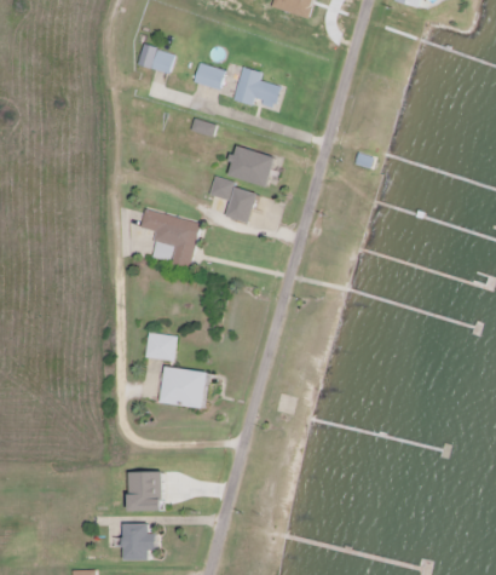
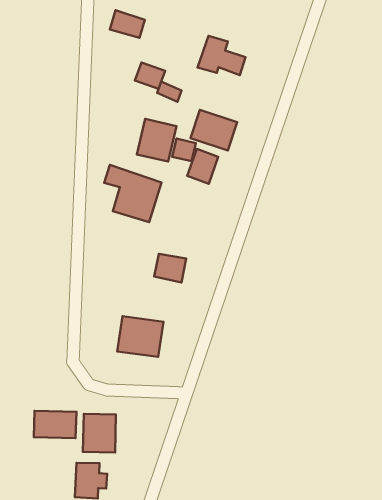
building: [192,63,224,90] -> [135,63,165,89]
building: none -> [137,119,176,161]
building: [144,333,177,362] -> [154,254,186,283]
building: none -> [34,411,76,438]

